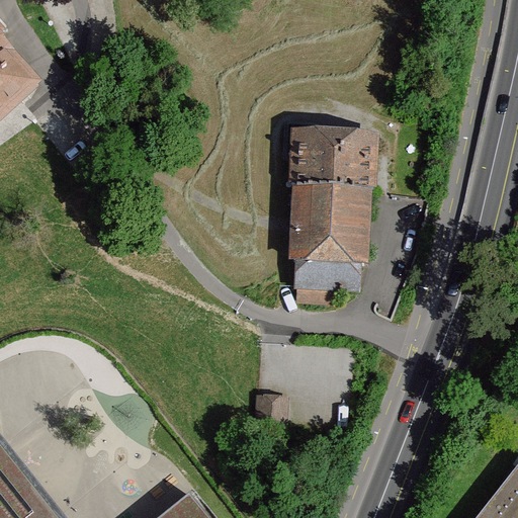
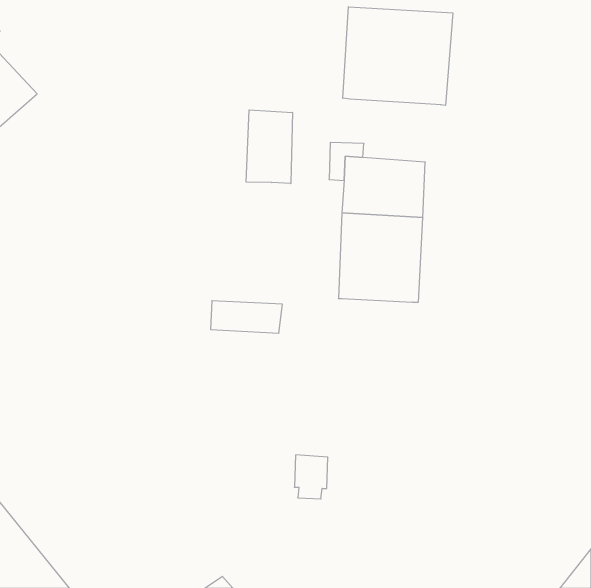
building: none -> [343,7,453,105]
building: none -> [246,110,292,184]
building: [297,261,360,289] -> [211,301,282,333]

